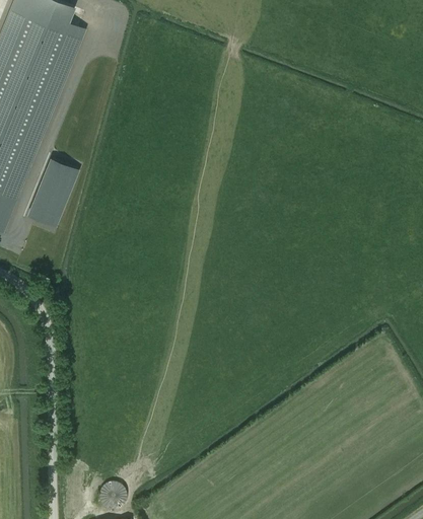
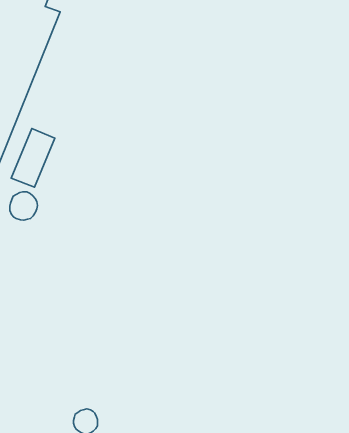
building: none -> [10,192,37,220]

